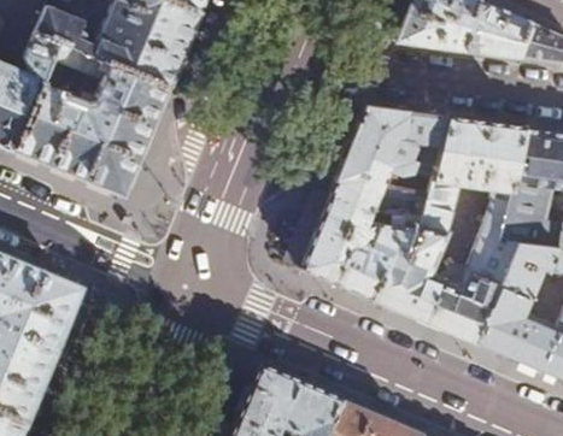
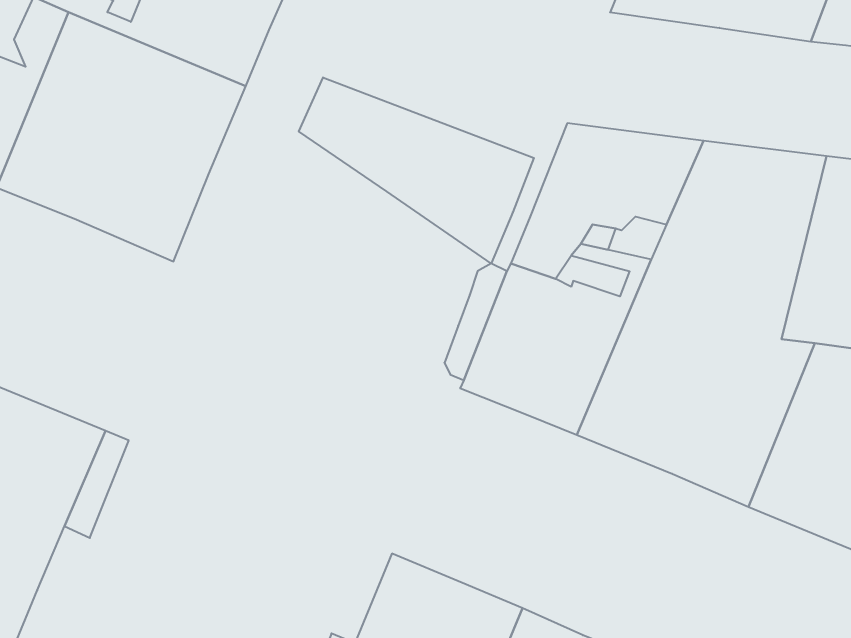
building: none -> [299,77,534,263]

